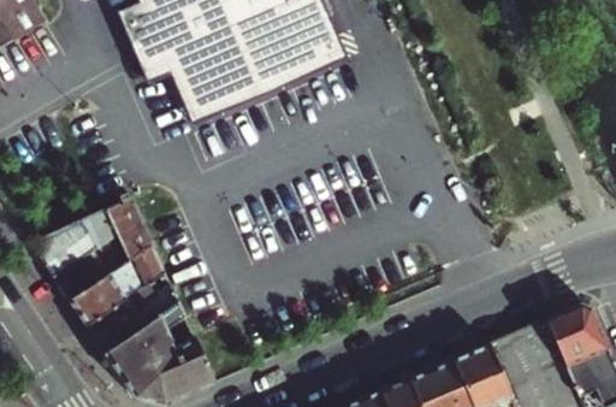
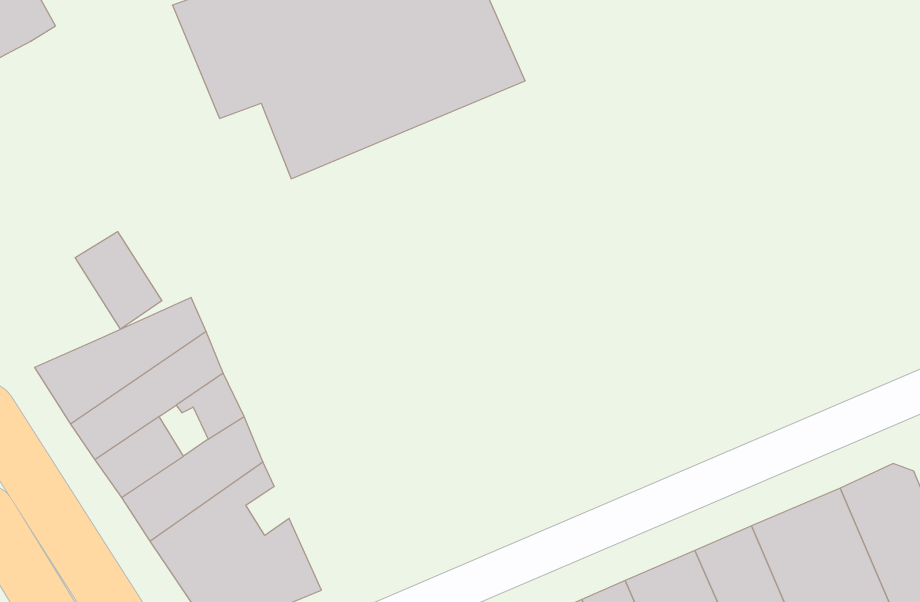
building: none -> [75,232,162,329]

